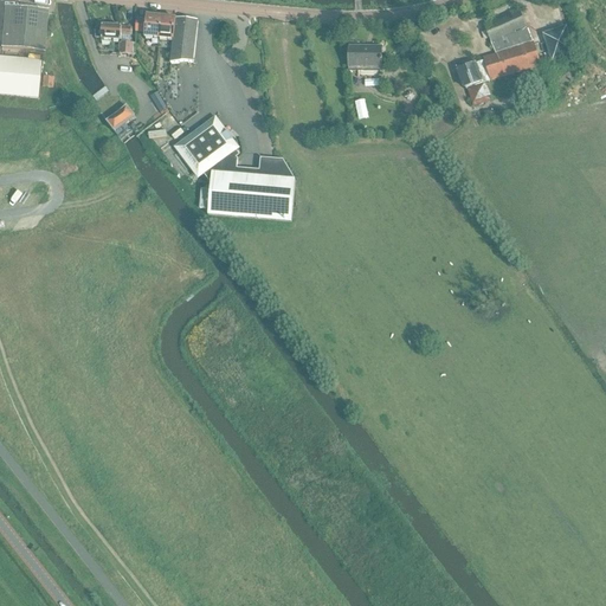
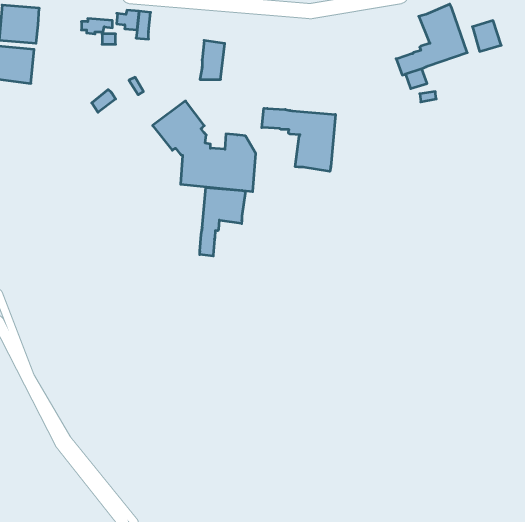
building: [168,14,196,59] -> [200,40,225,79]
building: [347,41,382,65] -> none
building: none -> [262,108,335,171]
building: none -> [200,187,246,256]

